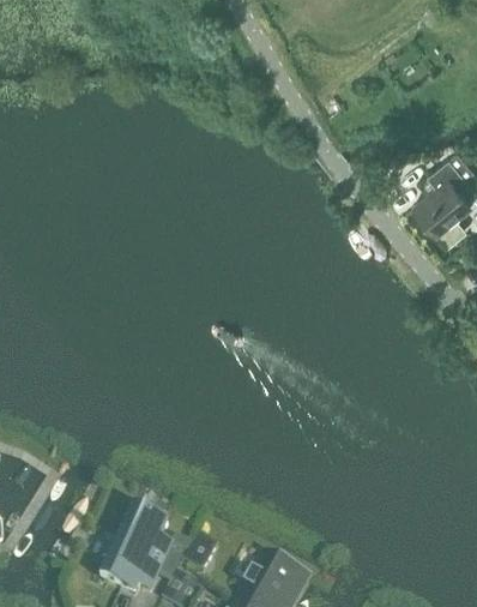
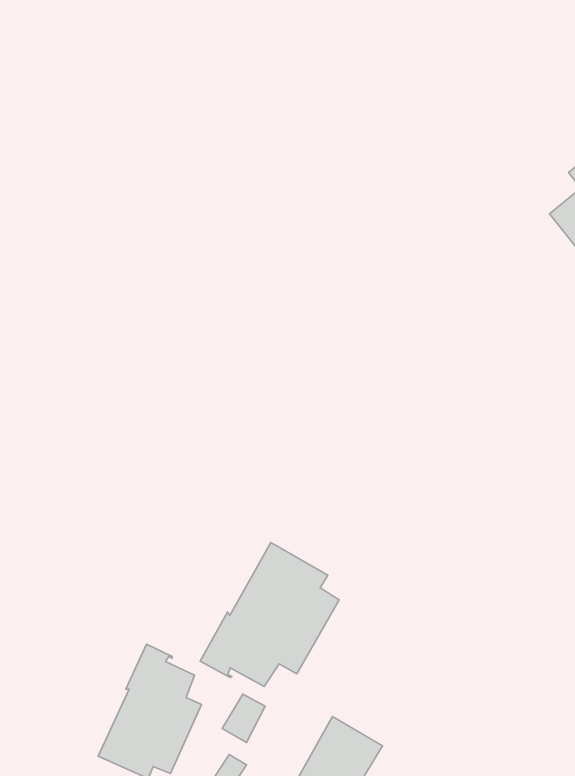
building: none -> [200,543,339,686]

